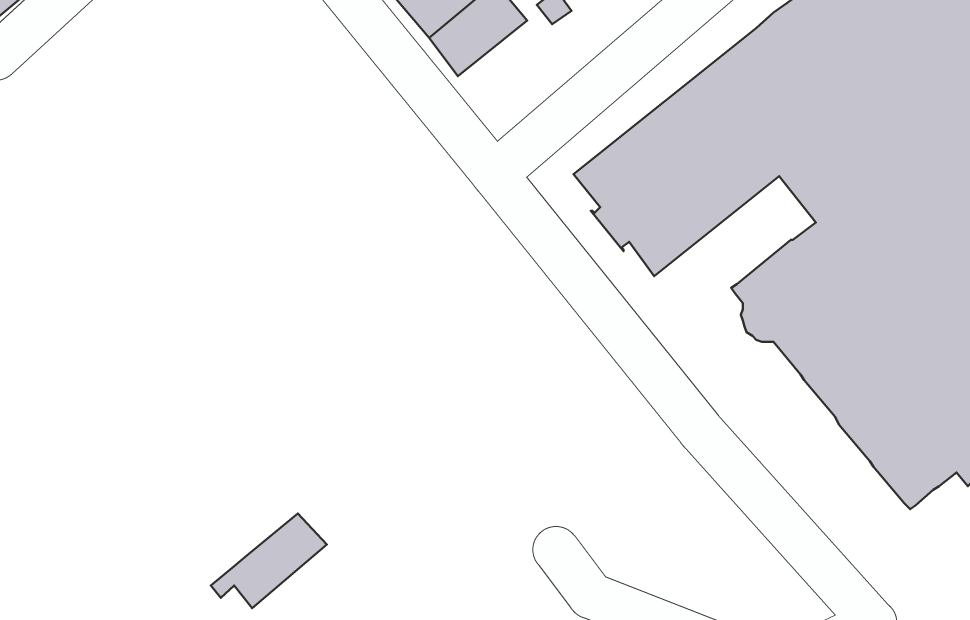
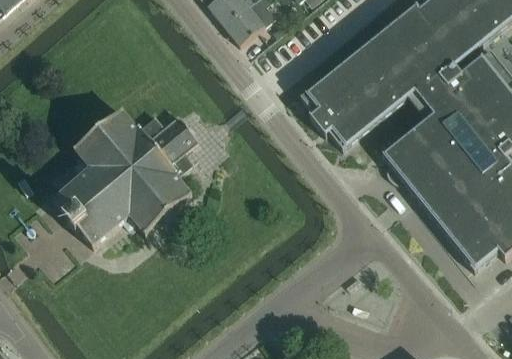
building: none -> [54,111,199,246]
building: [211,513,327,608] -> none

